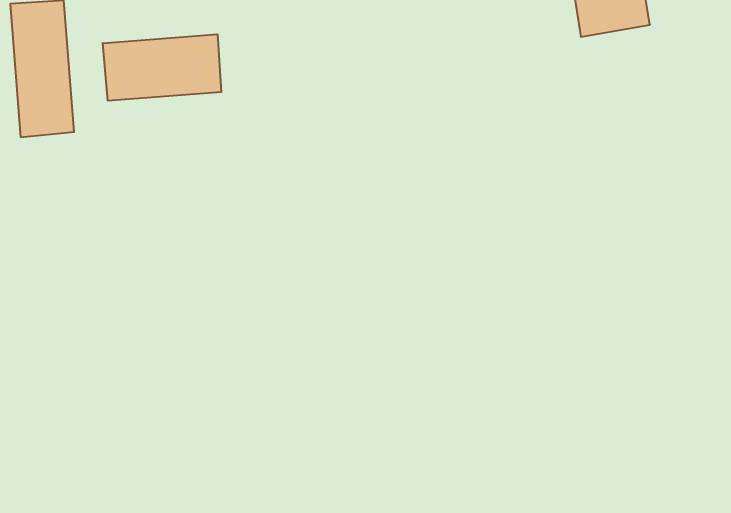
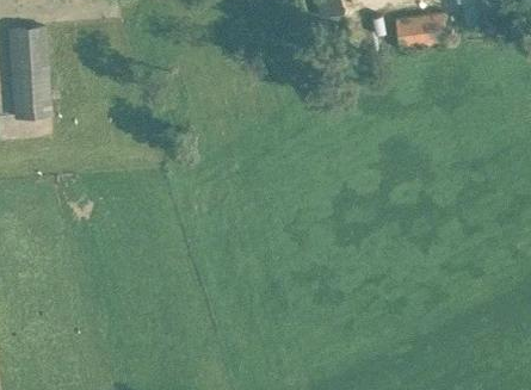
building: [103,34,221,101] -> none

